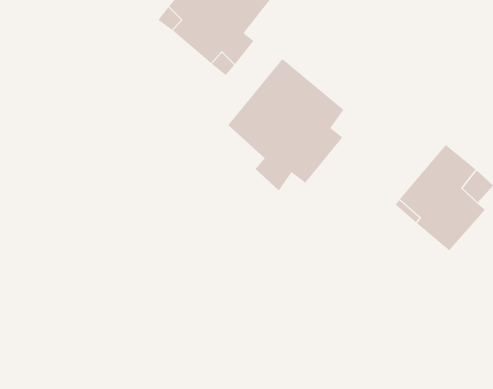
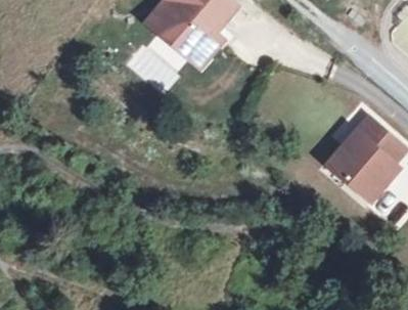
building: [228,58,344,191] -> none

